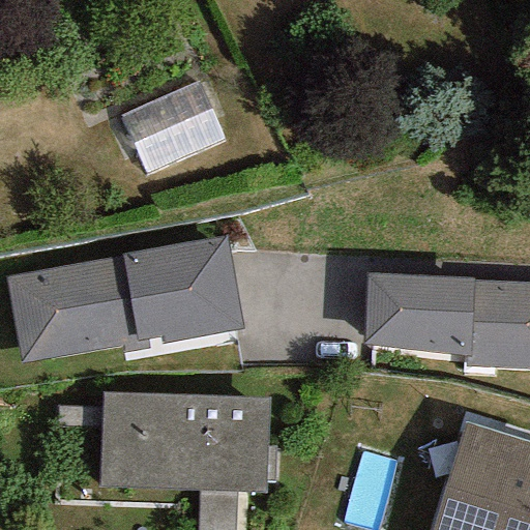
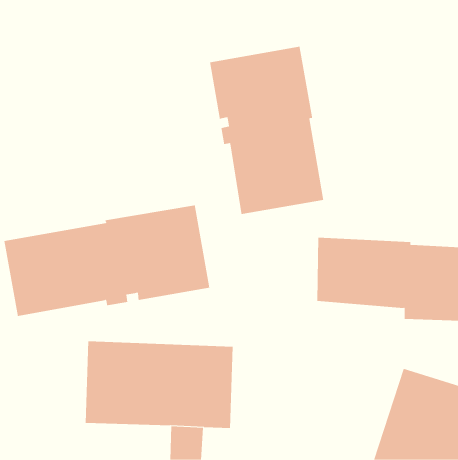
building: none -> [209,46,324,215]
building: [125,76,231,167] -> none

